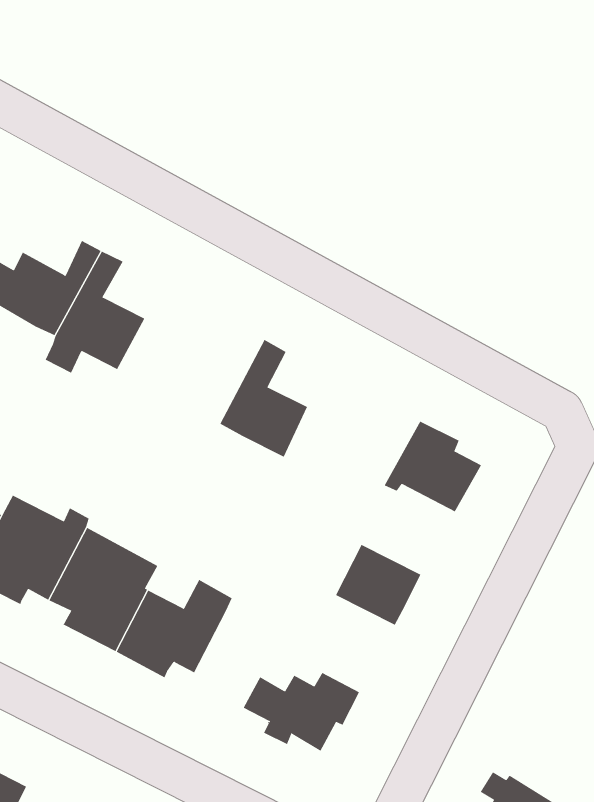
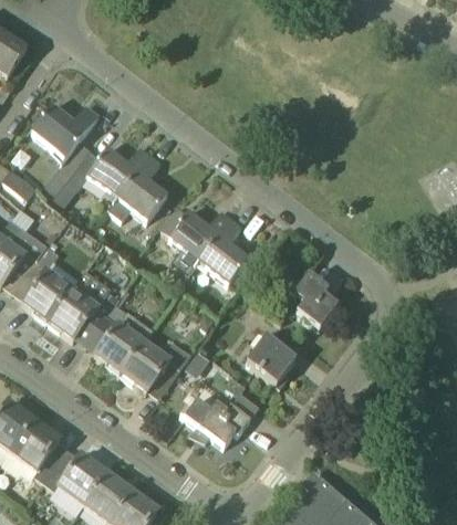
building: none -> [169,210,230,265]

